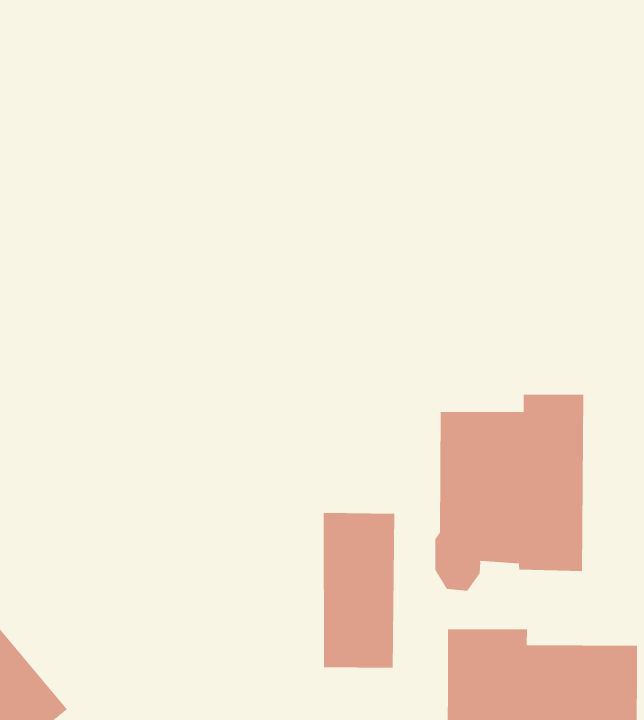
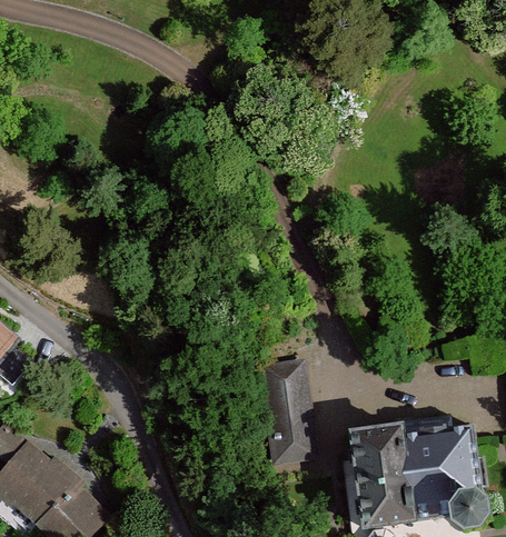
building: [435,394,584,591] -> none

